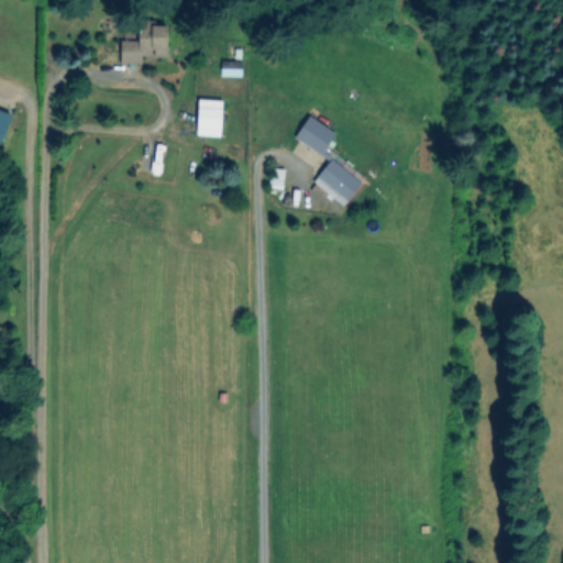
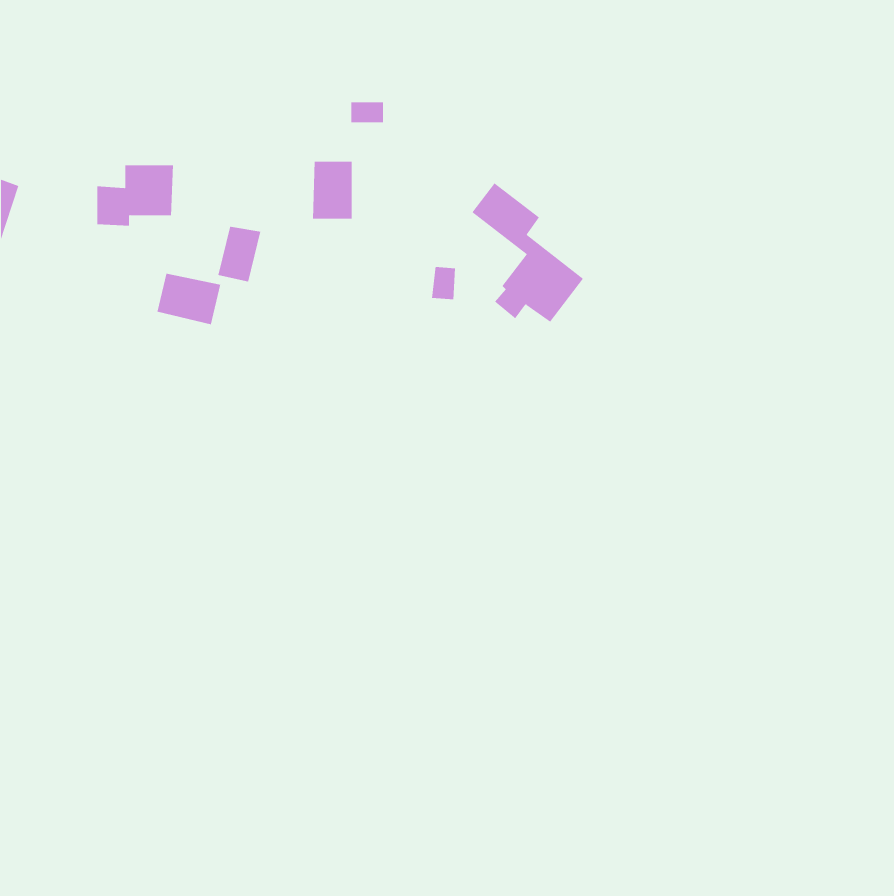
building: [121,29,169,67] -> [97,165,174,226]
building: none -> [157,273,221,325]

